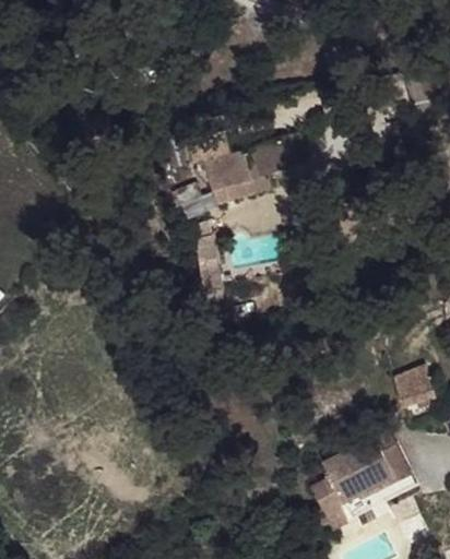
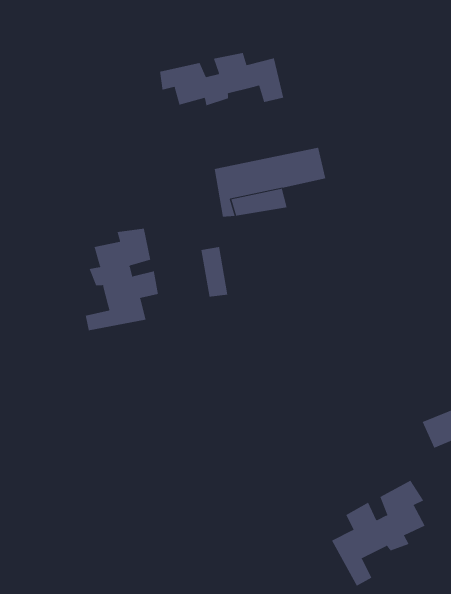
building: none -> [160,52,284,106]
building: none -> [85,228,158,331]

